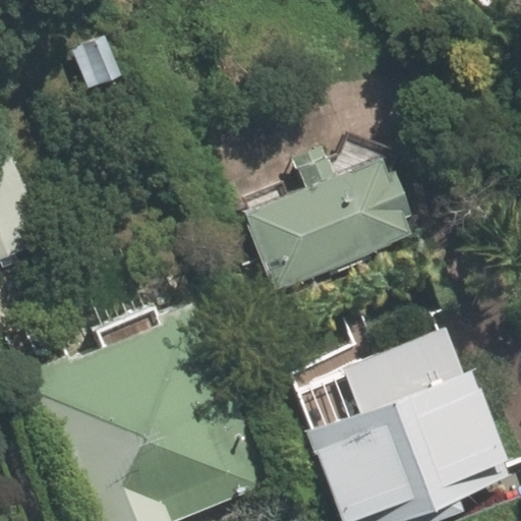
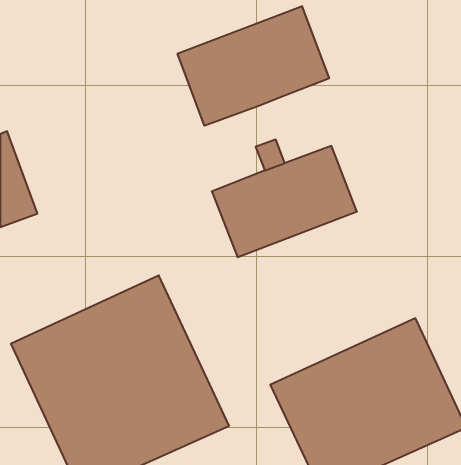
building: none -> [178,6,329,126]

